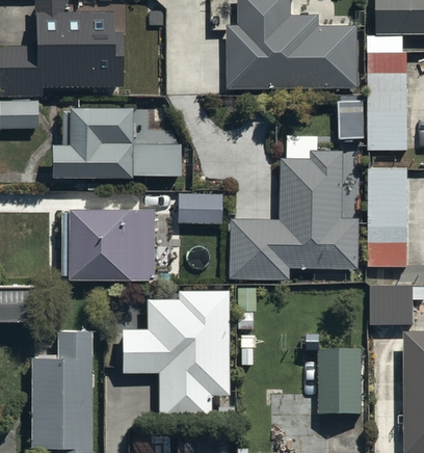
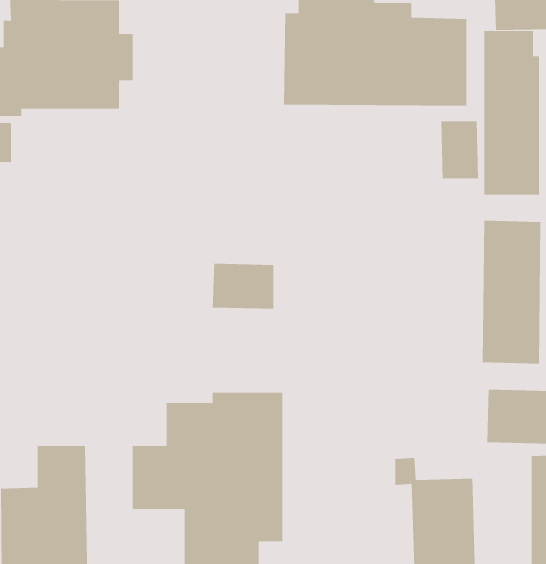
building: [52,104,182,174] -> none
building: [228,149,359,278] -> none
building: [59,207,155,278] -> none

